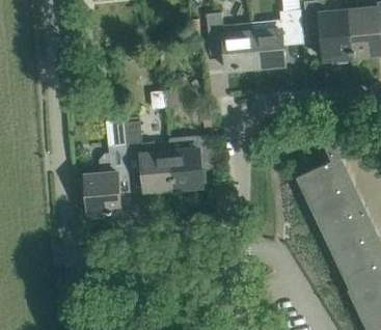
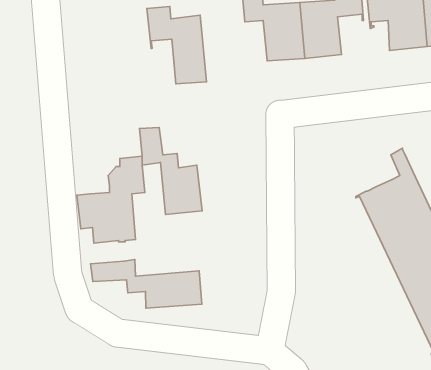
building: none -> [147,6,206,84]
building: [168,137,215,190] -> none
building: none -> [91,259,202,308]

